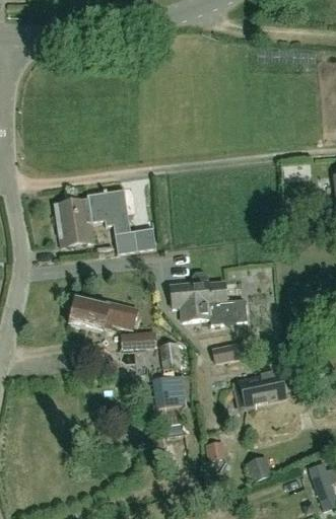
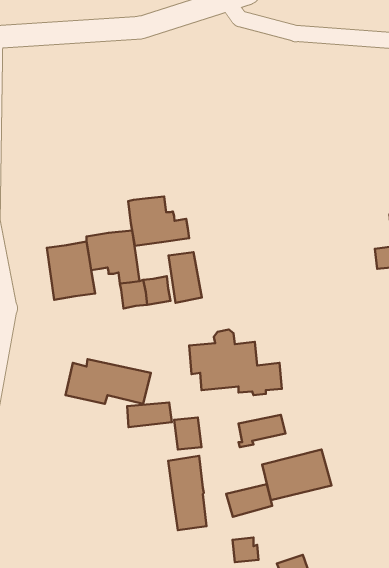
building: none -> [128,196,189,246]
building: none -> [168,252,202,303]
building: none -> [226,484,272,517]

